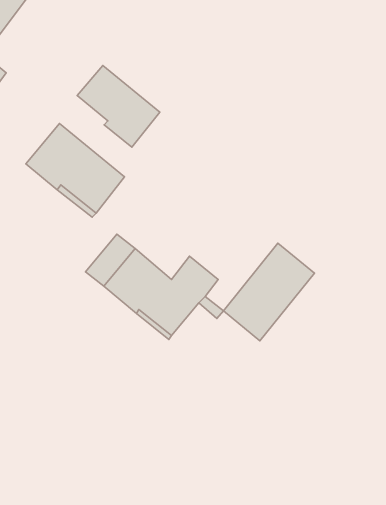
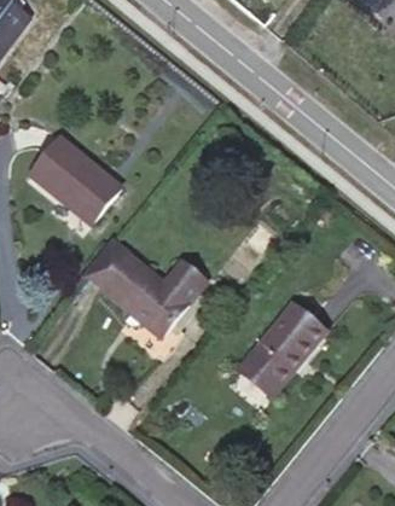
building: [77,66,160,147] -> none
building: [223,243,314,341] -> [242,302,326,392]

